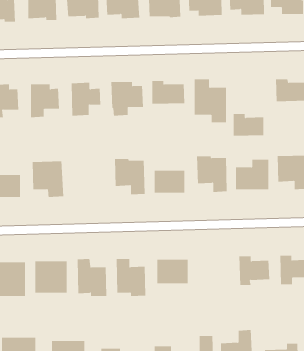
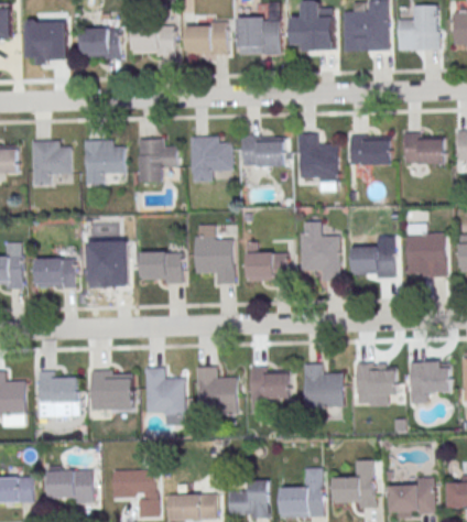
building: [233,113,264,136] -> [349,134,390,164]
building: none -> [140,252,182,284]
building: none -> [304,362,343,409]

